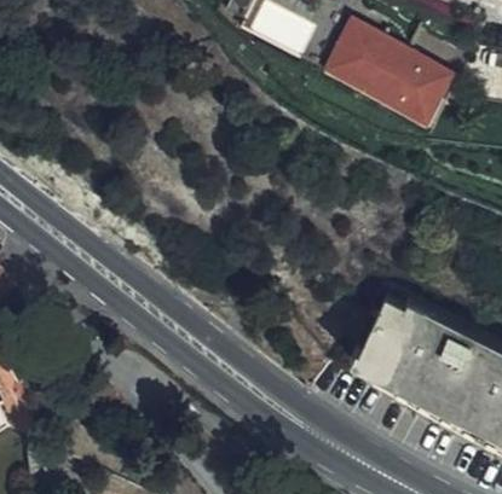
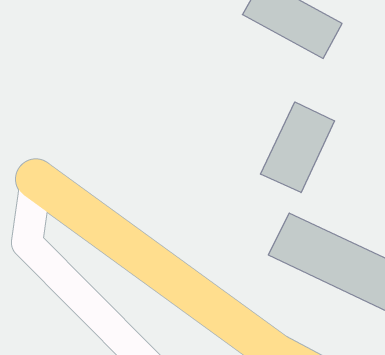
building: none -> [261,102,334,193]

